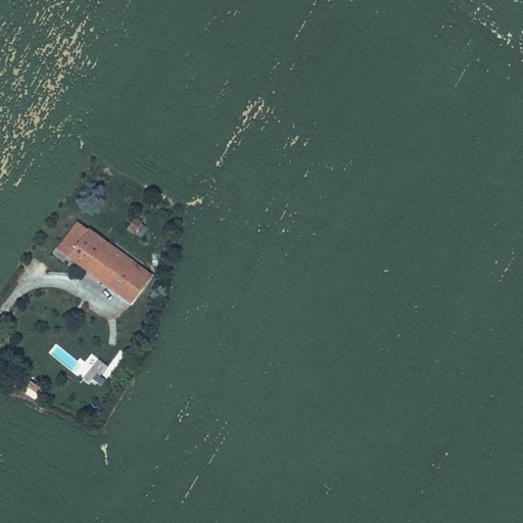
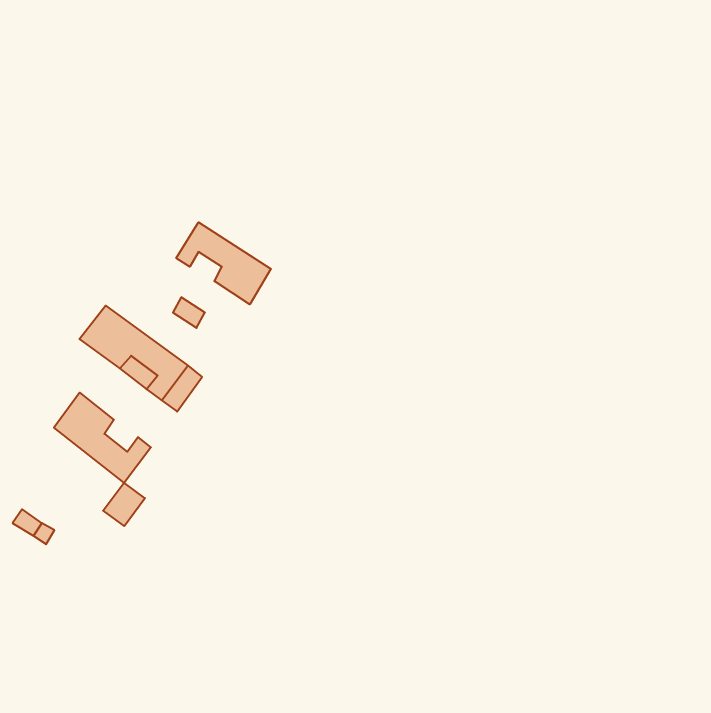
building: none -> [176,222,271,304]
building: none -> [54,393,151,483]

